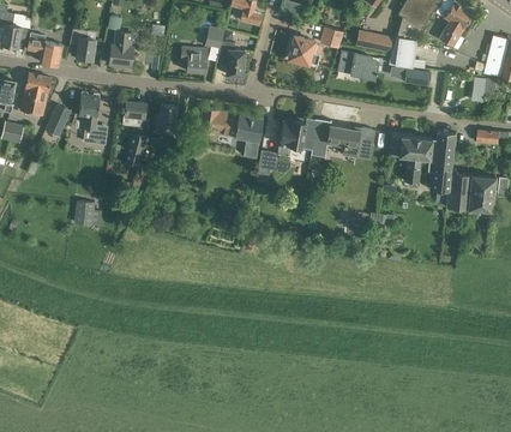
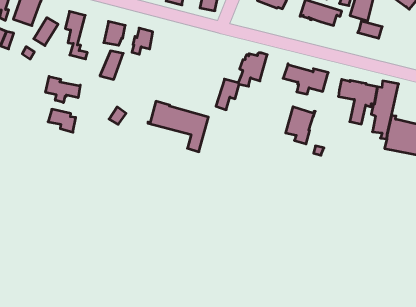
building: [197,107,263,157] -> [148,101,208,152]
building: [301,118,331,157] -> [286,107,315,144]
building: none -> [46,76,80,103]

